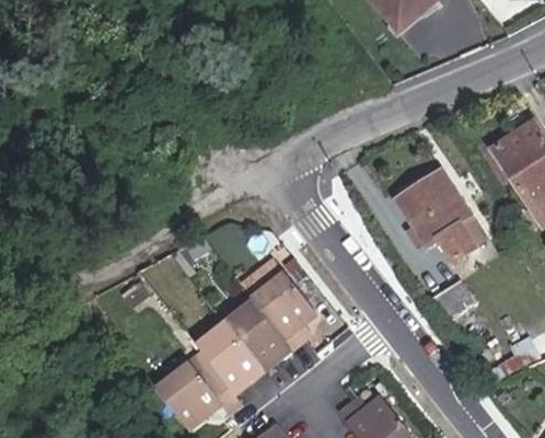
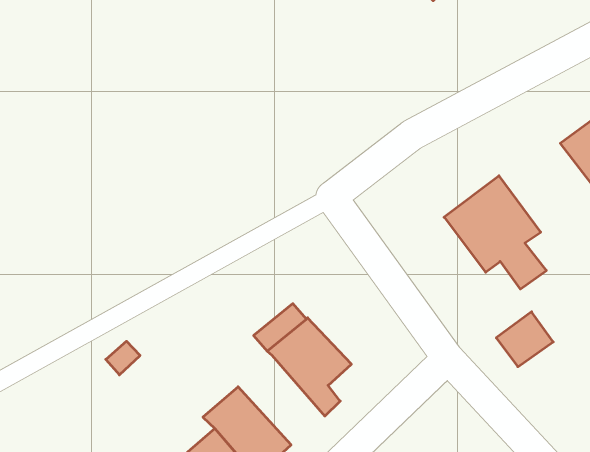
building: [224,299,291,371] -> none

